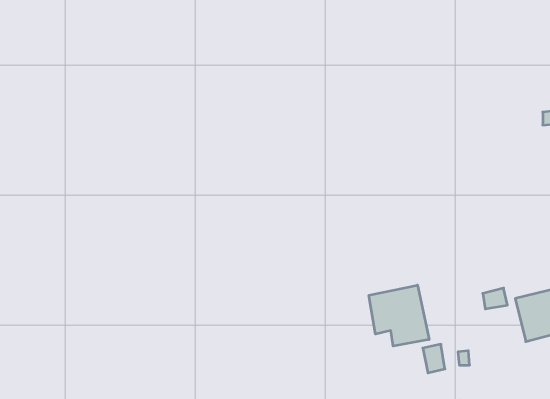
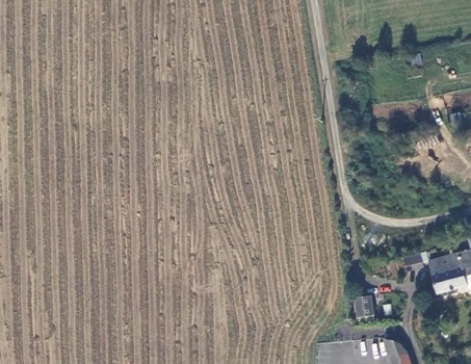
building: [369,285,429,346] -> none

